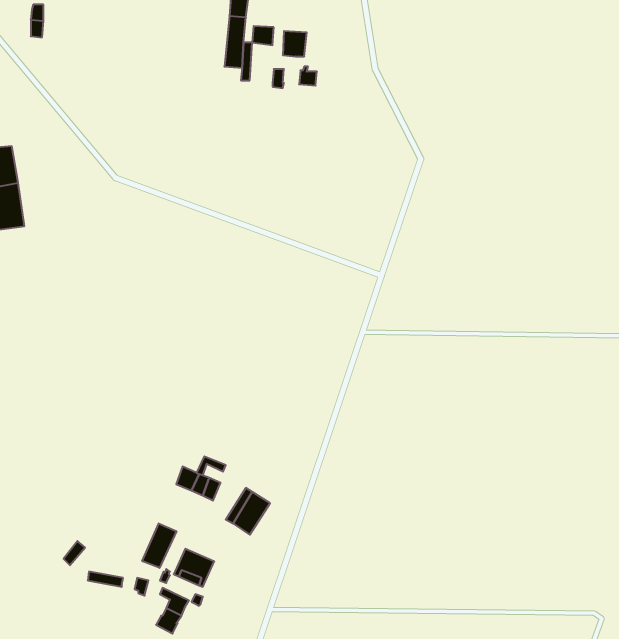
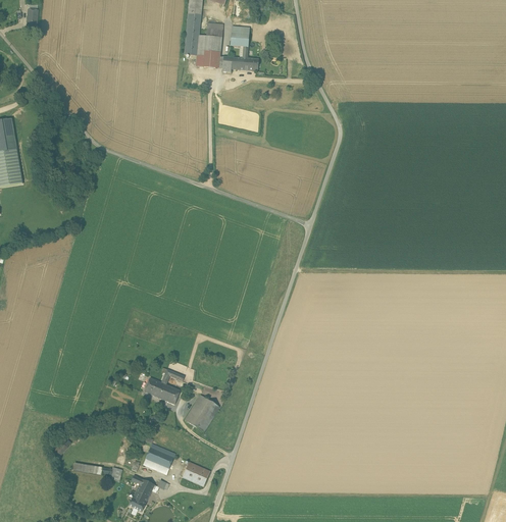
building: none -> [203,35,221,66]
building: [142,523,176,568] -> none
building: none -> [182,461,209,485]

